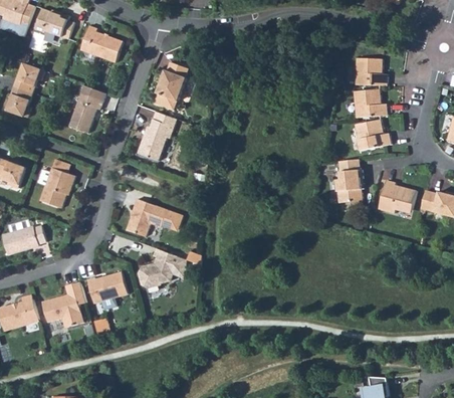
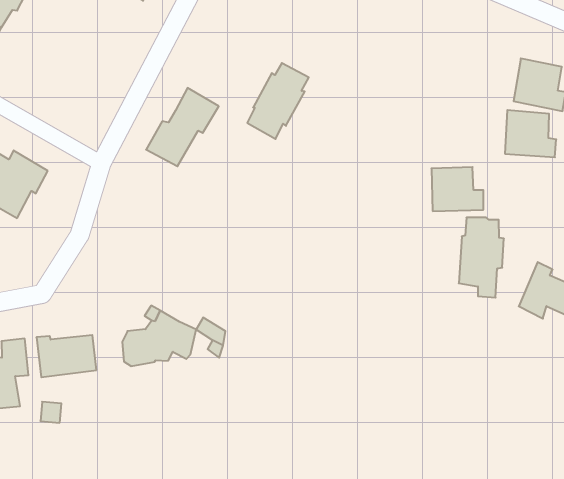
building: [154,62,187,110] -> [247,63,309,139]
building: [68,84,105,134] -> none
building: [354,120,390,151] -> [431,167,483,211]
building: [124,198,179,234] -> none

